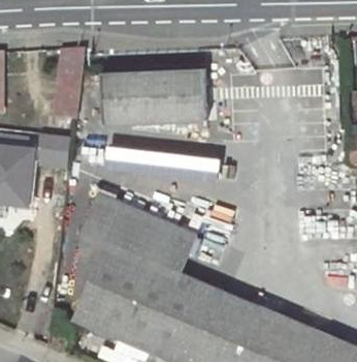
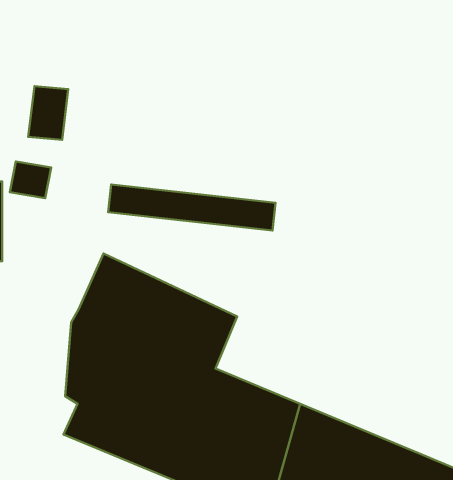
building: [58,50,85,86] -> none
building: [103,71,207,128] -> none

